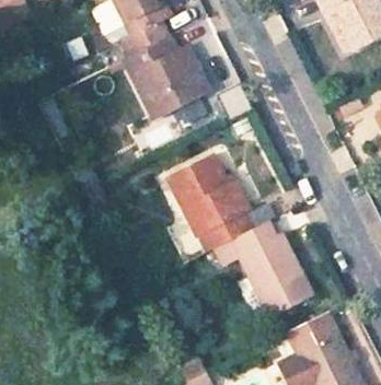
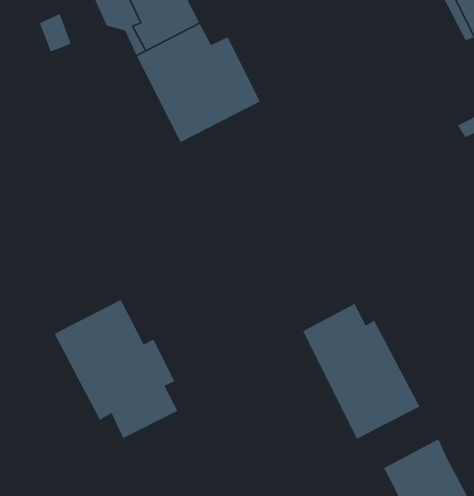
building: [171,159,254,252] -> [54,299,179,439]

